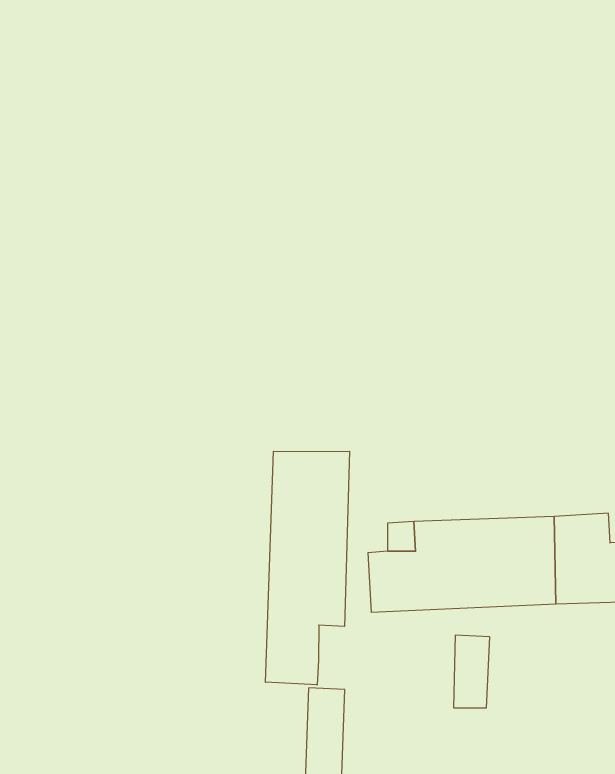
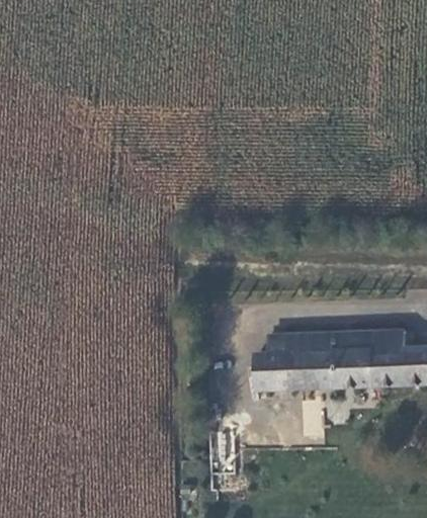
building: [265,451,350,685] -> none

